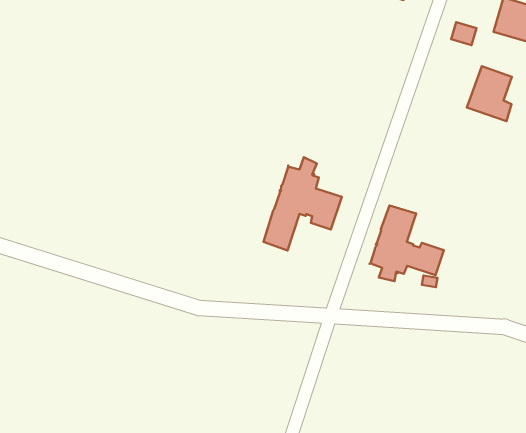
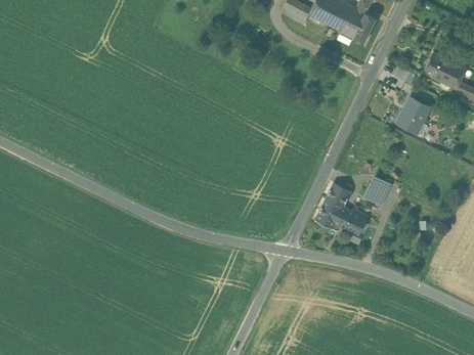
building: [263,157,342,251] -> none
building: none -> [365,176,393,205]

